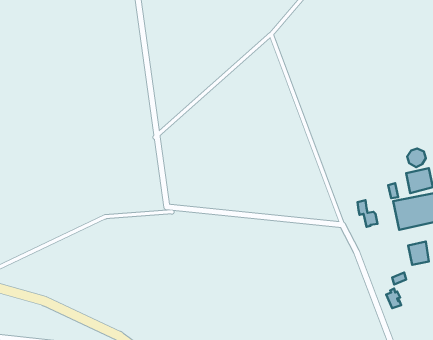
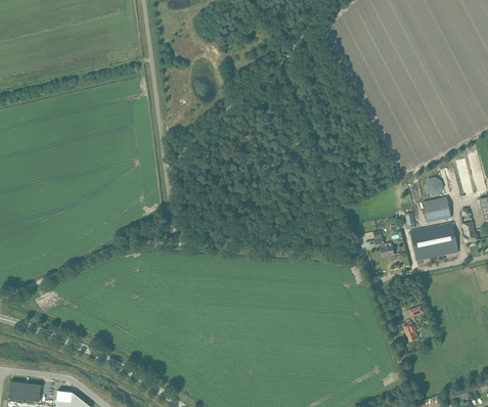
building: [408,242,429,265] -> none

